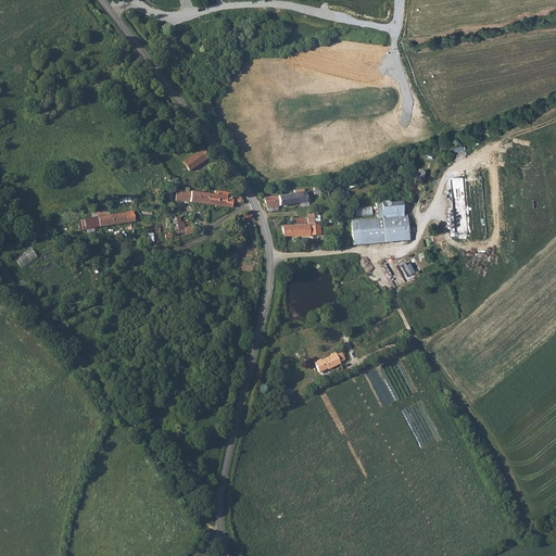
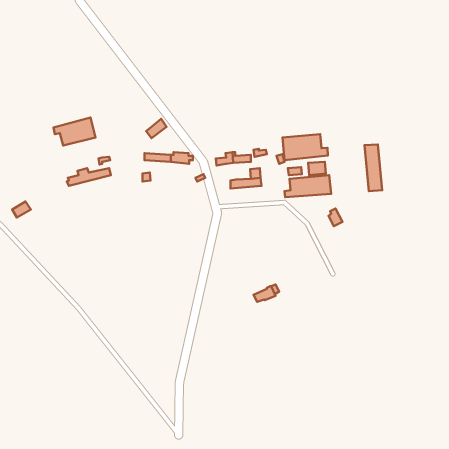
building: none -> [53,118,96,146]
building: none -> [283,134,328,160]

